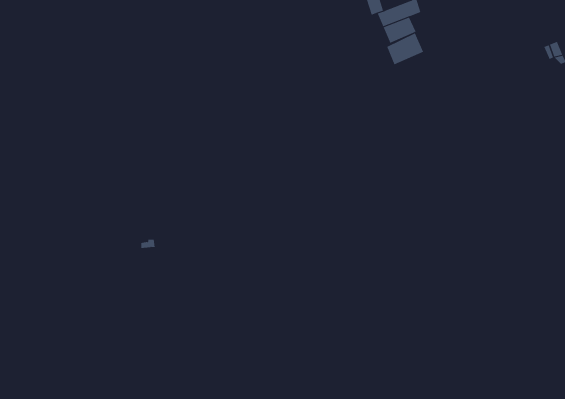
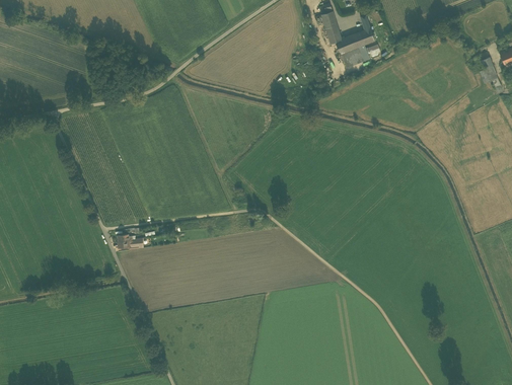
building: [386,32,424,65] -> none

